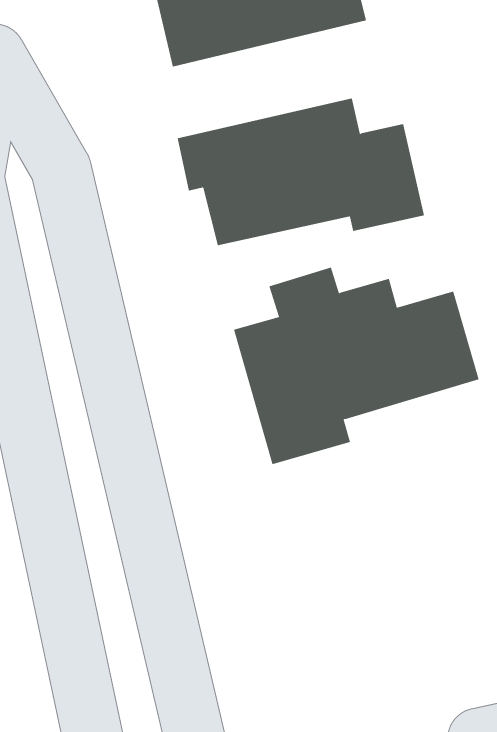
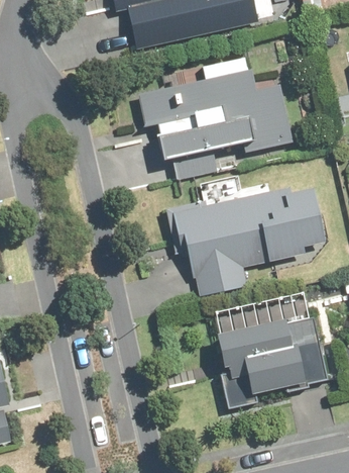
building: none -> [214,292,324,394]

